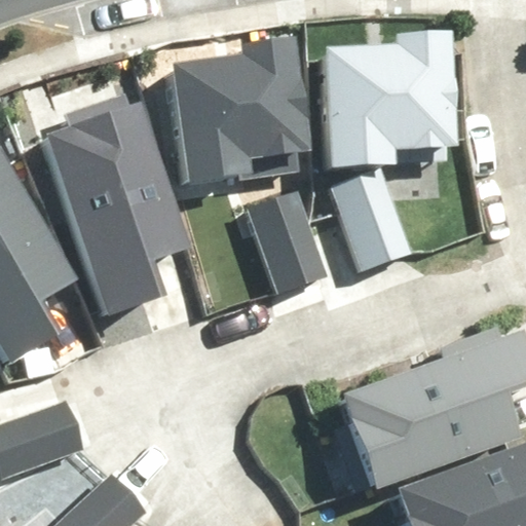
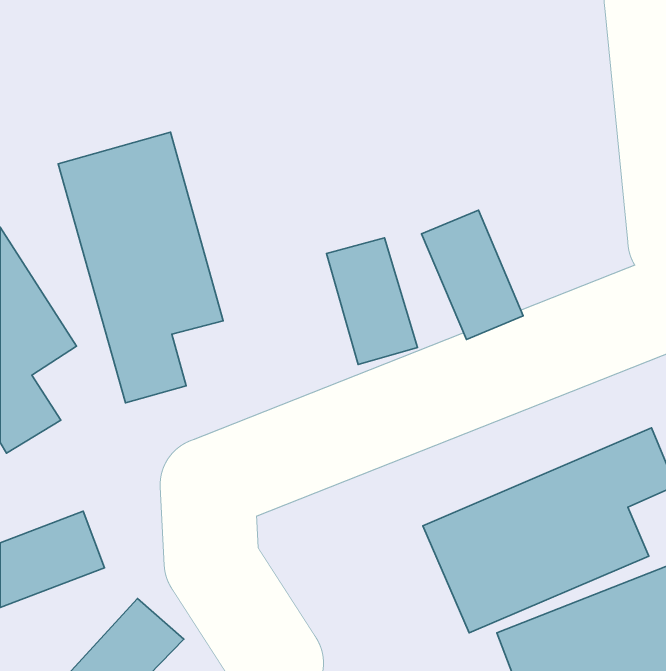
building: [321,28,442,163] -> none
building: [166,37,301,187] -> none

